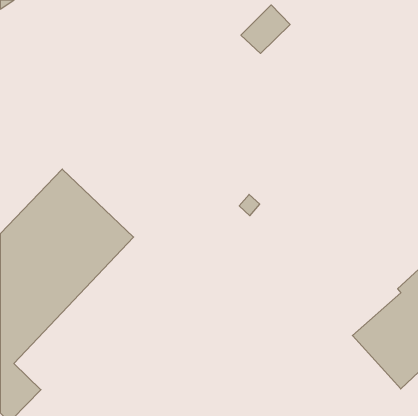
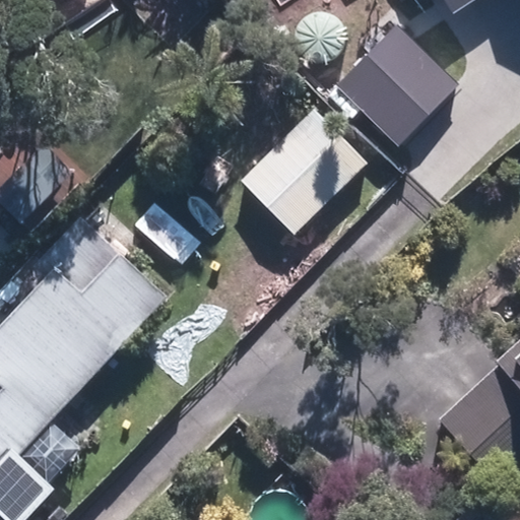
building: none -> [334,22,461,148]
building: none -> [240,111,366,237]

